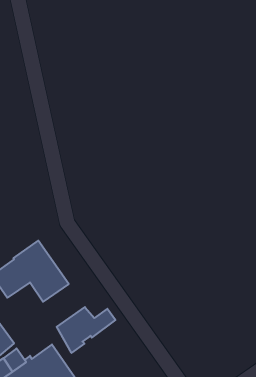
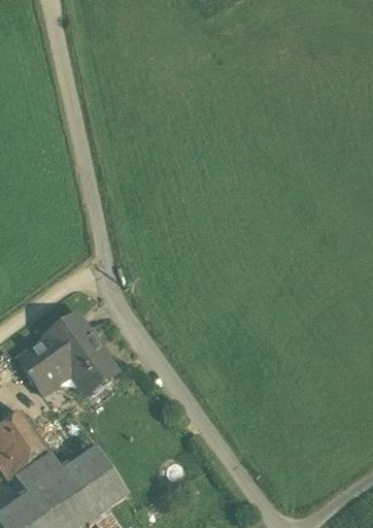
building: [57,307,115,353] -> none

